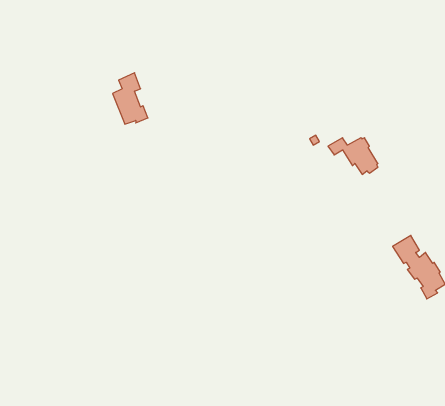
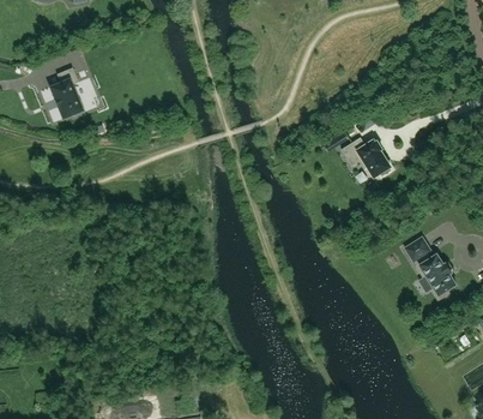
building: [113,73,148,124] -> [48,67,83,118]

